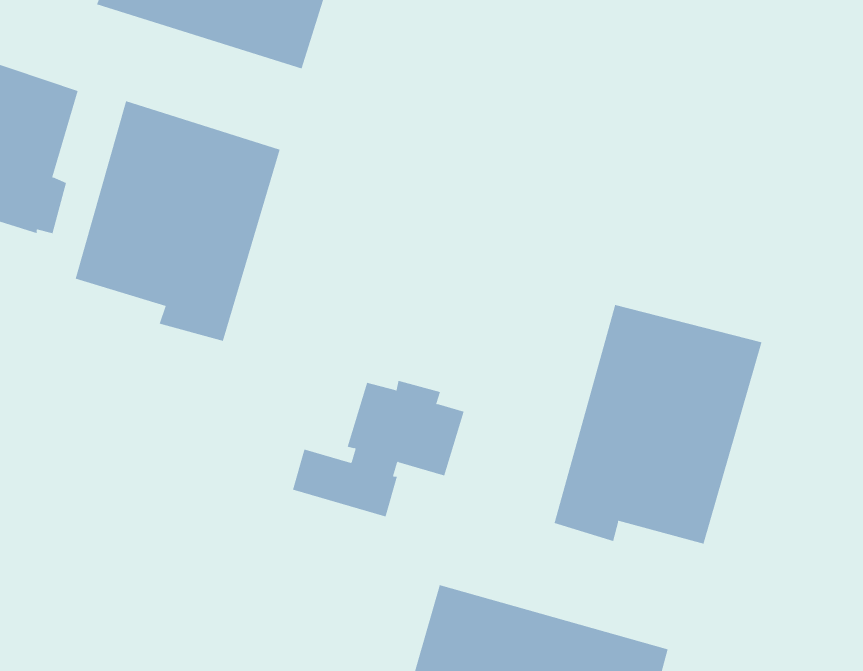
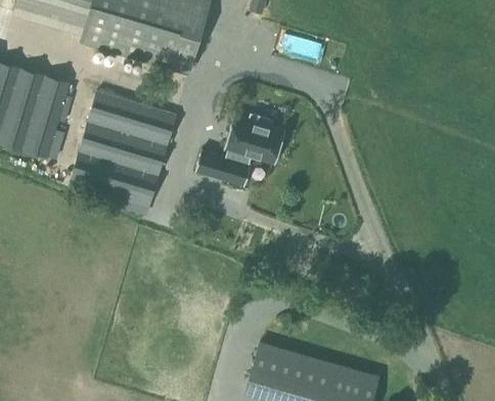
building: [554,304,762,544] -> none
building: [292,380,464,517] -> [196,114,286,185]

